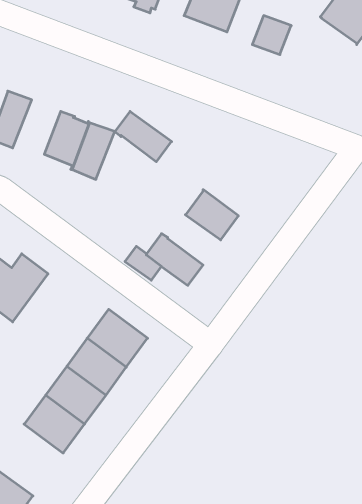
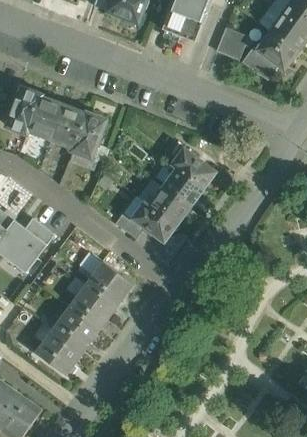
building: none -> [242,30,298,80]
building: none -> [25,95,63,138]
building: [115,111,172,162] -> [171,147,216,187]
building: none -> [148,186,190,226]

